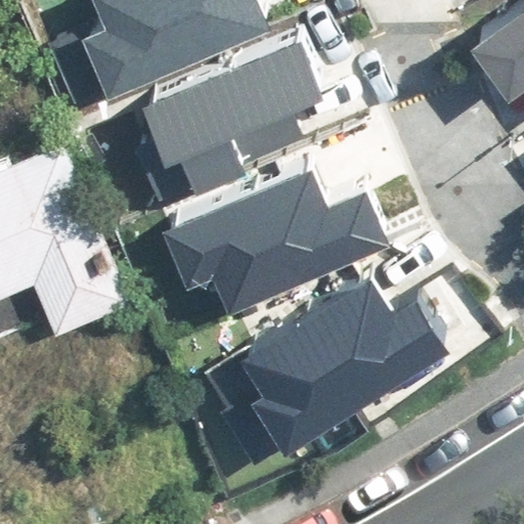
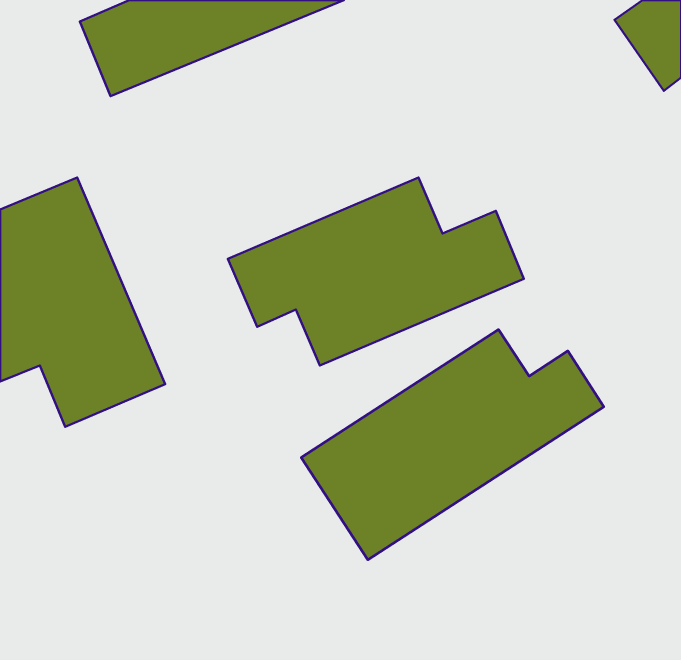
building: [138,23,329,196] -> none

